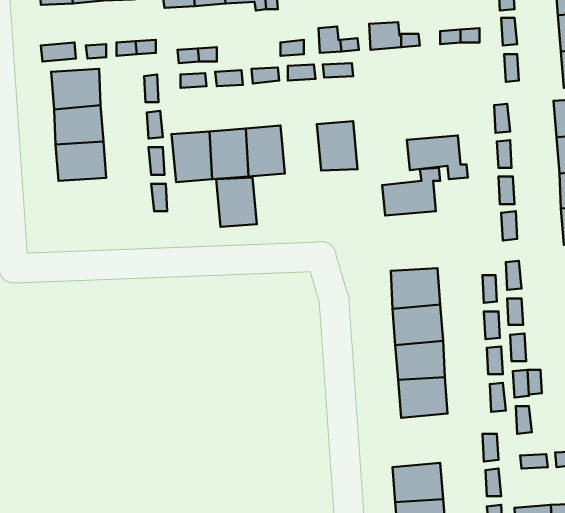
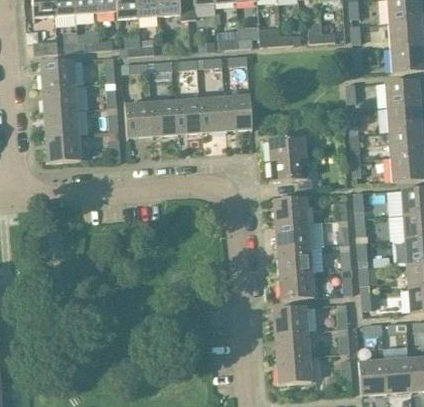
building: [407,135,468,179] -> [270,157,312,187]
building: [216,178,257,227] -> [198,97,226,131]
building: none -> [45,134,80,162]
building: none -> [273,305,308,333]

